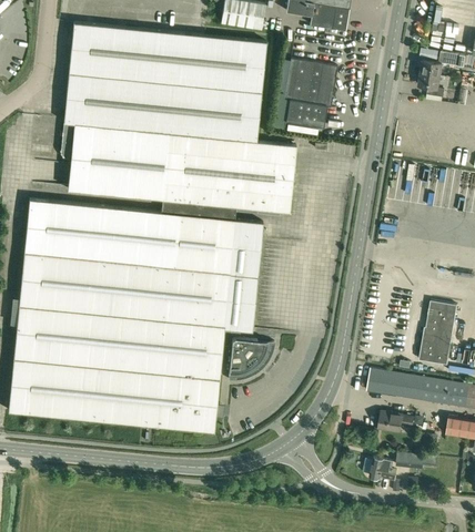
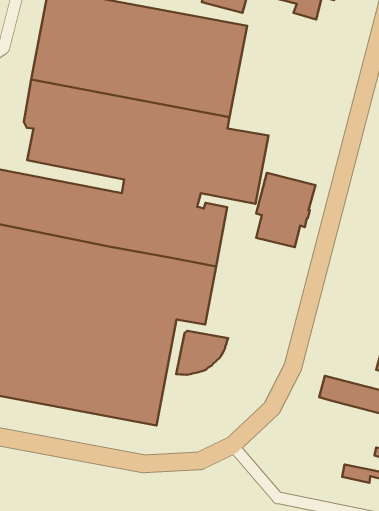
building: [284,59,338,127] -> [256,173,316,247]
building: [378,411,413,432] -> none
building: [363,458,397,480] -> none

